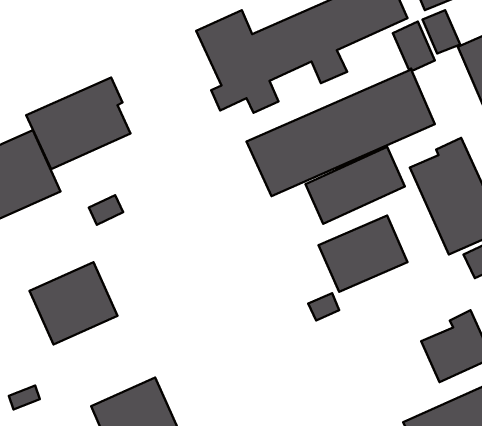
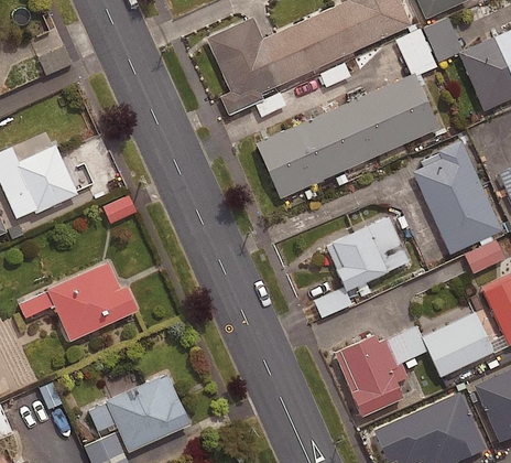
building: [26,77,130,169] -> none
building: [305,147,405,224] -> none
building: none -> [336,327,427,414]

